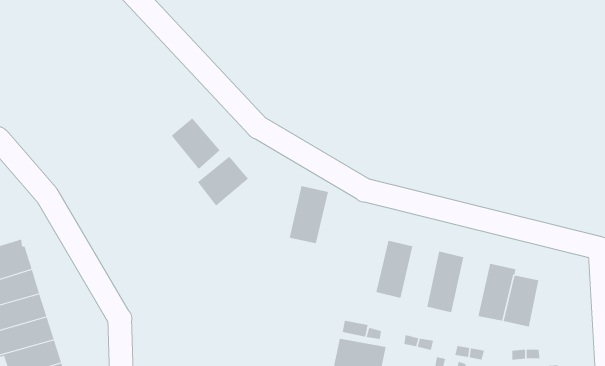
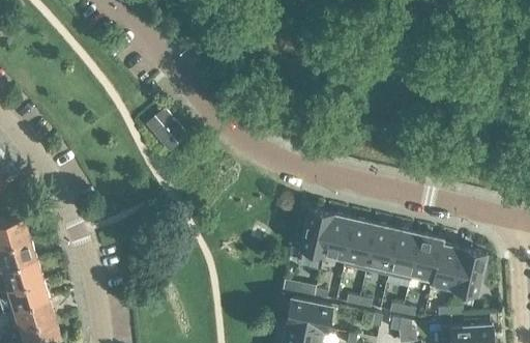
building: [197,156,249,206] -> none
building: [289,186,329,244] -> [299,208,333,258]
building: none -> [344,219,377,270]
building: none -> [388,228,420,281]
building: none -> [454,248,488,293]

